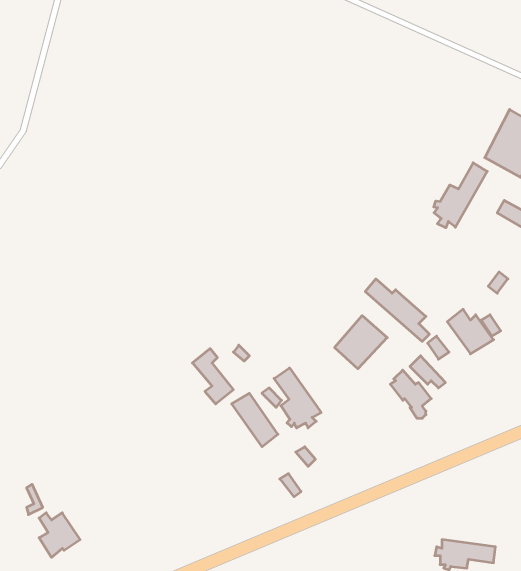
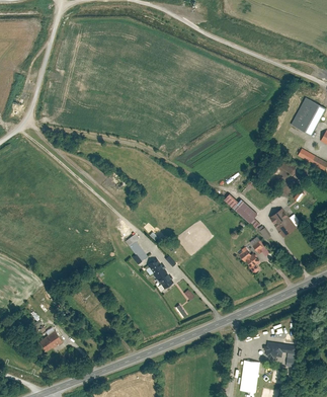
building: [434,163,487,228] -> none
building: [335,316,387,369] -> none
building: [274,368,321,428] -> none

